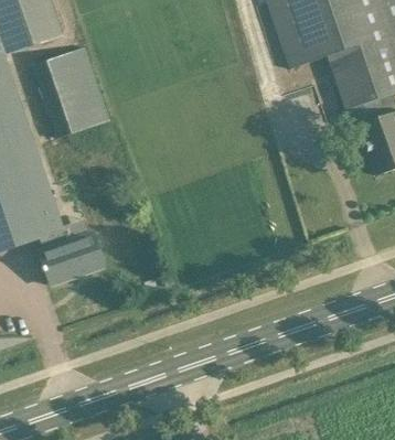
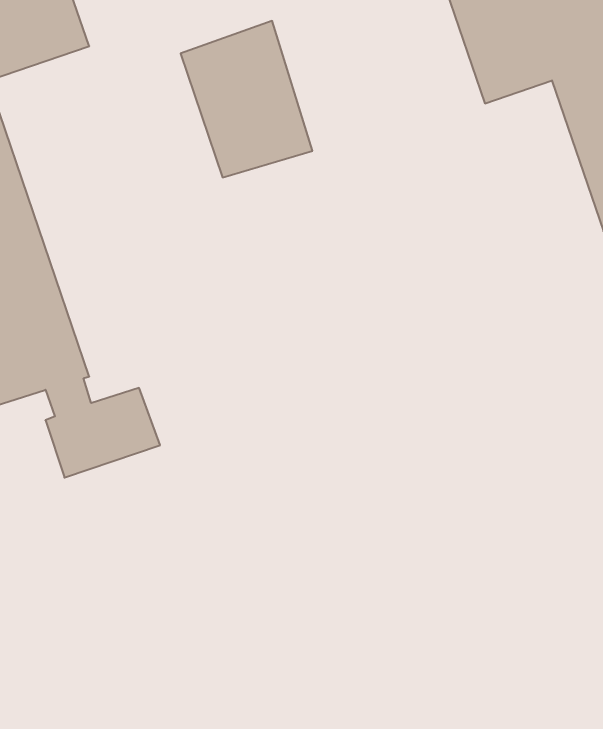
building: [31,46,107,137] -> [181,21,312,177]

